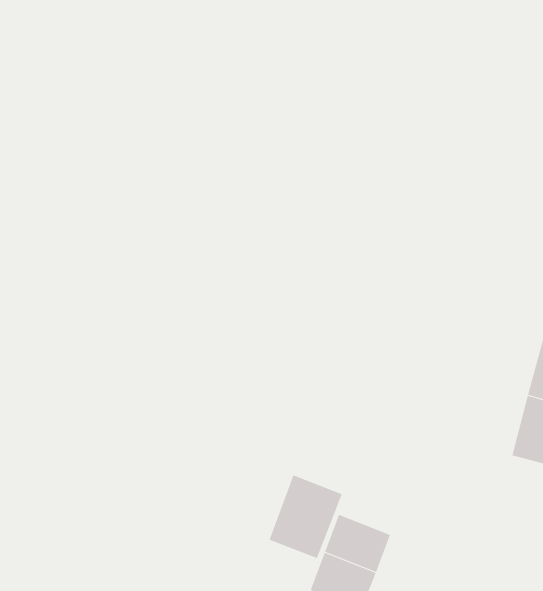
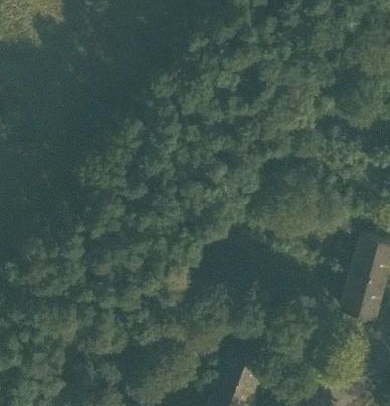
building: [269,474,343,559] -> none

